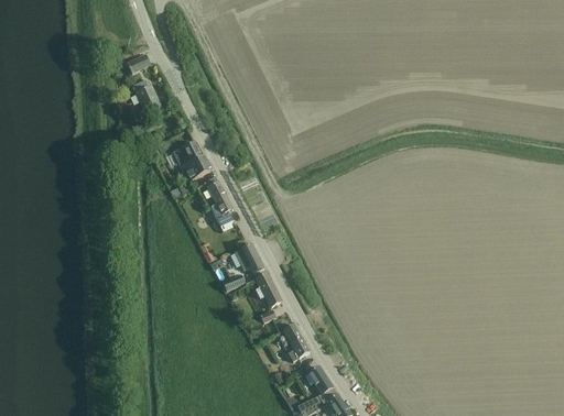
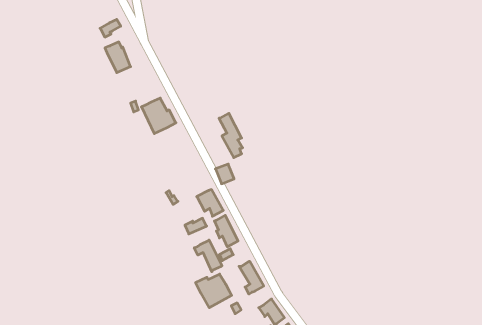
building: [205,180,231,230] -> [219,113,243,158]
building: none -> [194,240,222,272]
building: none -> [196,274,232,308]

